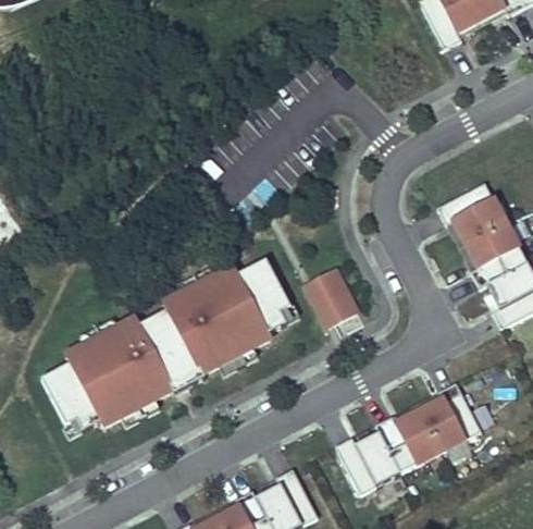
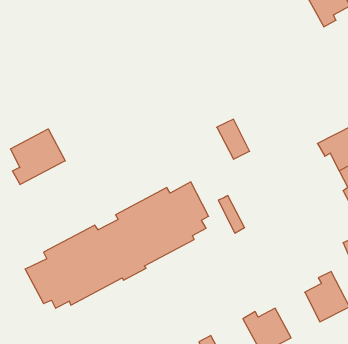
building: none -> [10,129,65,185]
building: [315,267,360,321] -> [217,119,250,159]
building: [375,409,441,471] -> none

